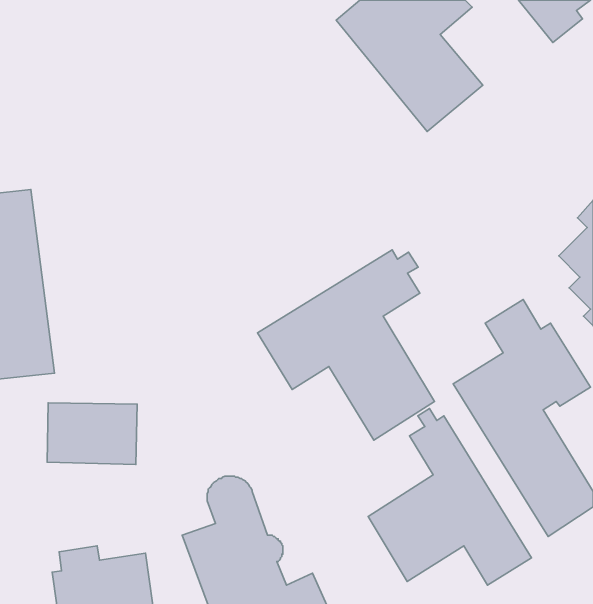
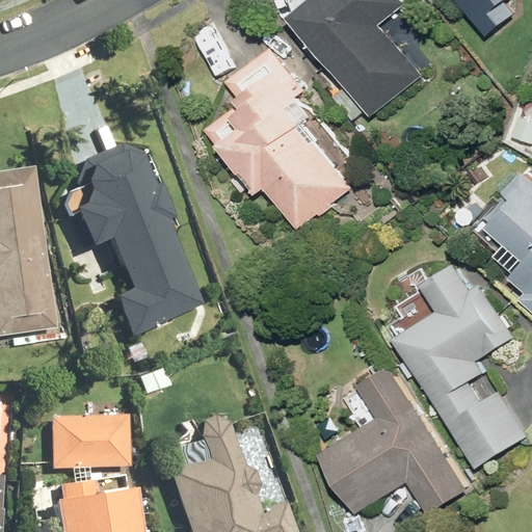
building: none -> [208,48,354,230]
building: none -> [54,147,191,336]
building: [258,250,435,440] -> none
building: [47,403,137,465] -> [42,415,121,469]

